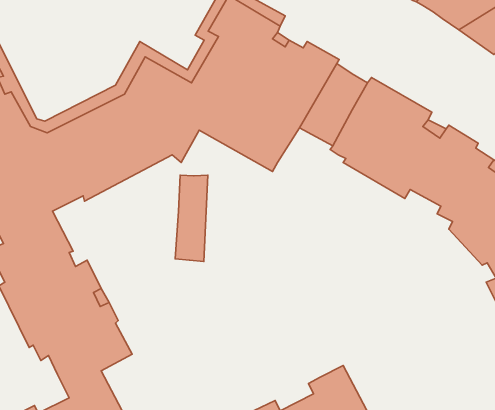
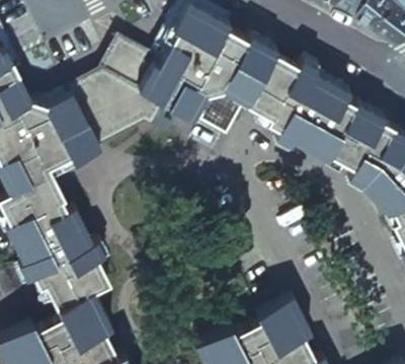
building: [175,175,208,262] -> none

